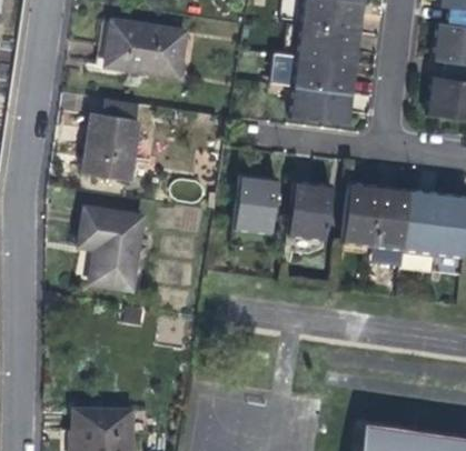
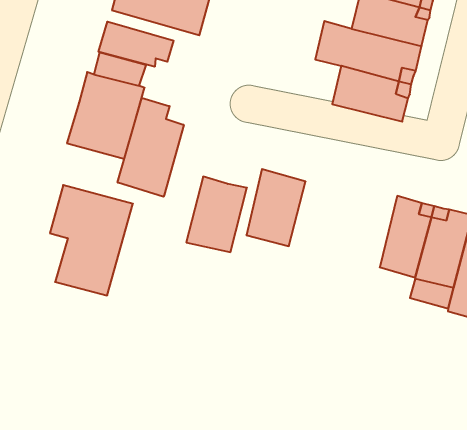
building: none -> [99,22,174,67]
building: none -> [118,98,184,197]
building: [289,182,331,239] -> [186,177,247,252]

